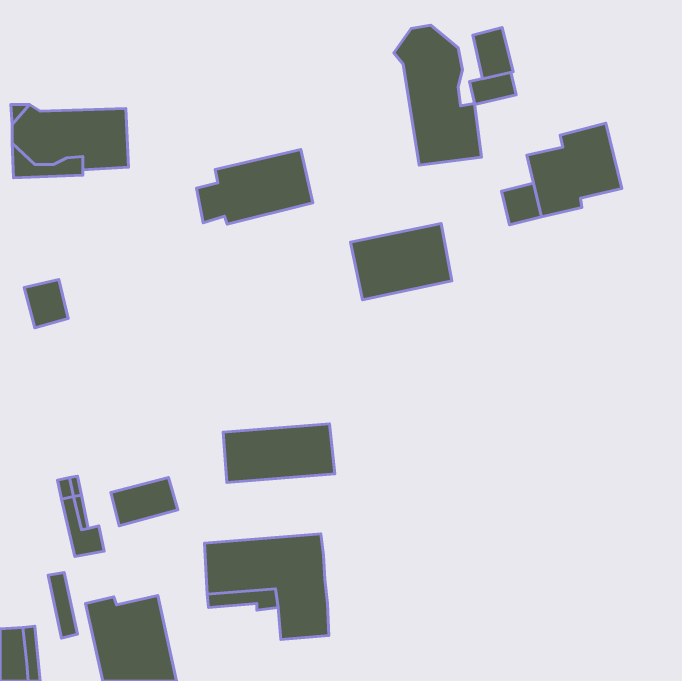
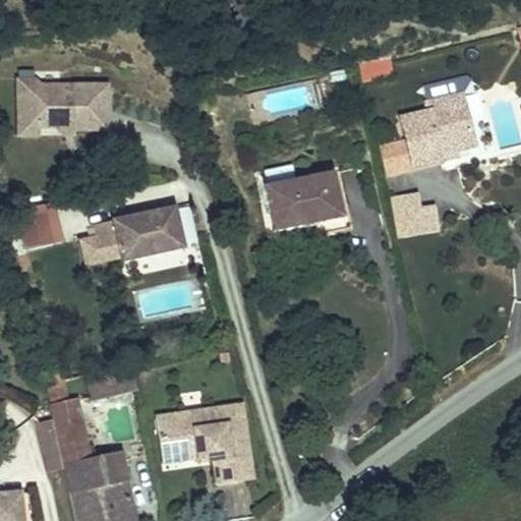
building: [394,25,482,165] -> none
building: [473,27,513,79] -> none
building: [196,149,313,224] -> [97,205,185,262]
building: none -> [393,191,438,234]
building: [223,424,335,483] -> none
building: none -> [58,419,88,459]

